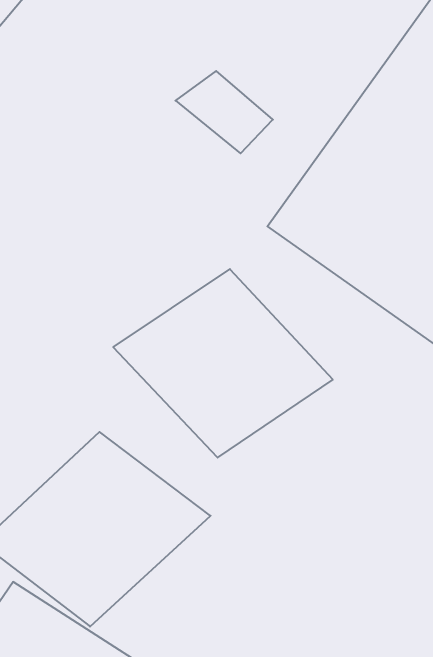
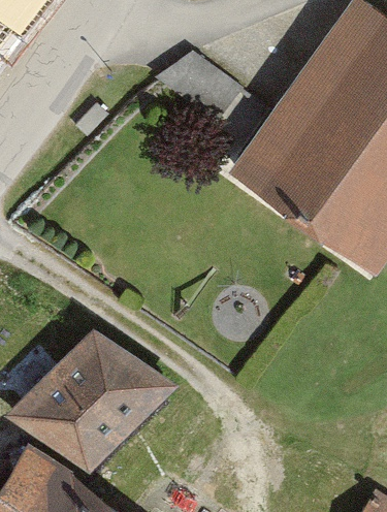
building: [113,269,333,458] -> none

